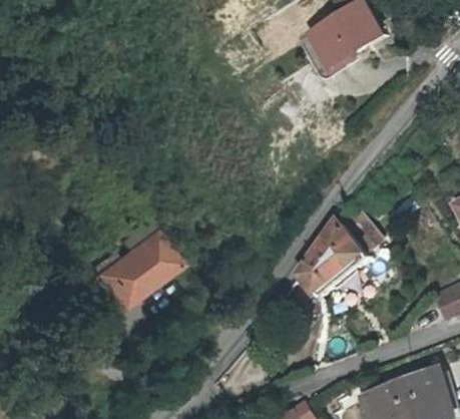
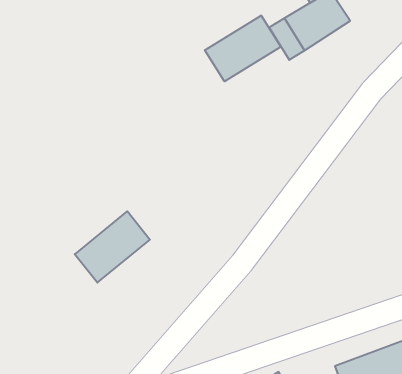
building: none -> [205,15,281,81]
building: [299,202,380,295] -> none

